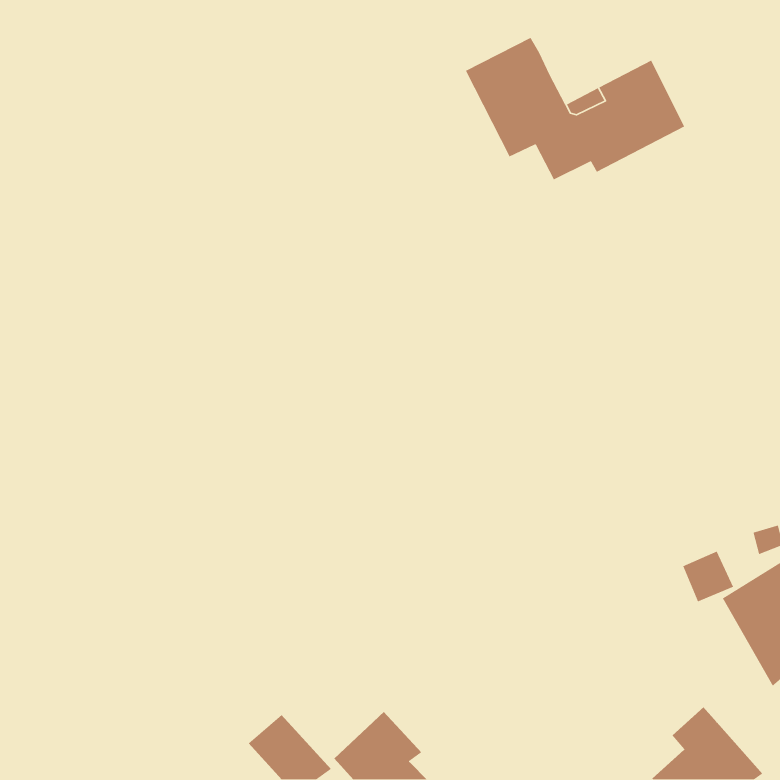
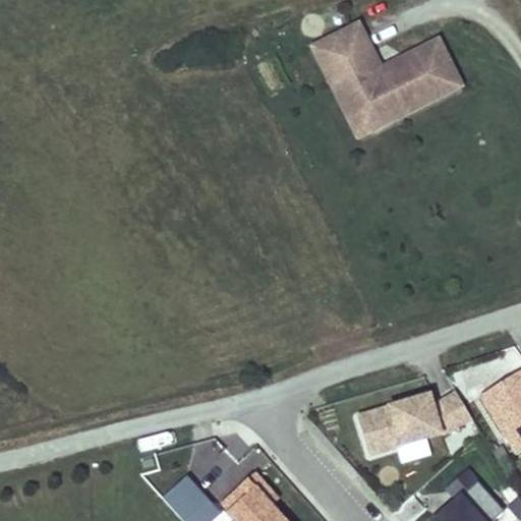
building: none -> [340,97,398,136]
building: none -> [359,392,473,457]

